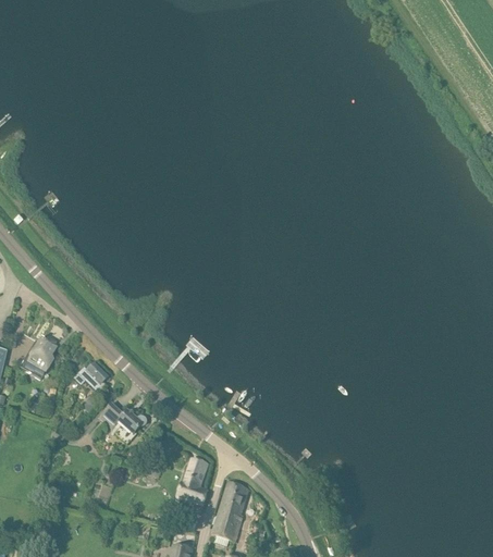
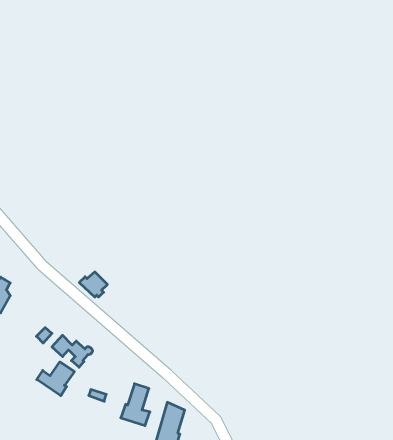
building: [78,360,110,388] -> [79,272,107,297]
building: none -> [37,362,74,396]

